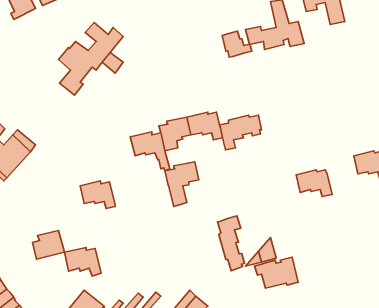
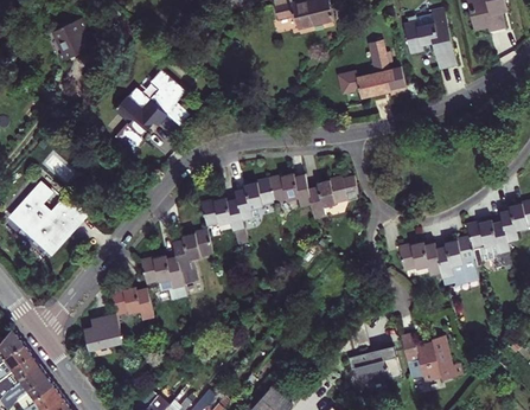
building: [222,31,252,57] -> none
building: [165,162,199,207] -> [172,231,212,284]
building: none -> [435,237,480,282]
building: [217,216,245,271] -> none
building: none -> [400,333,455,380]
building: [64,247,101,276] -> [110,287,154,321]

